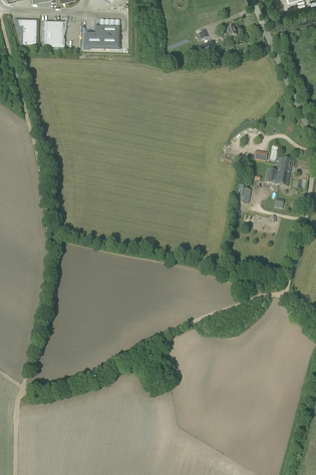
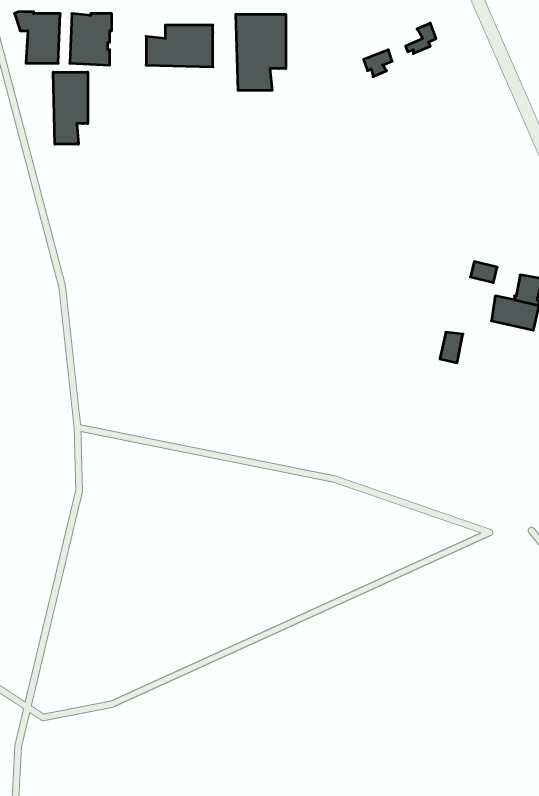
building: none -> [236,14,286,90]
building: none -> [53,72,88,144]

